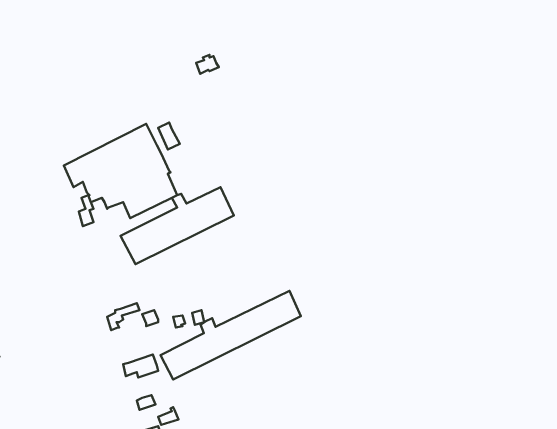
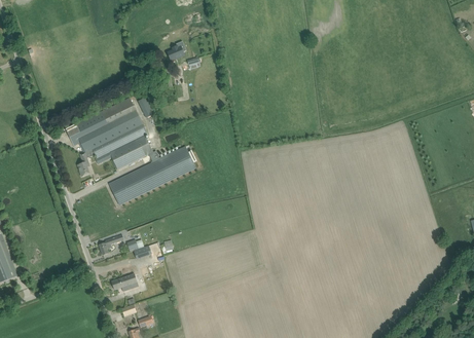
building: [160,291,301,379] -> none

